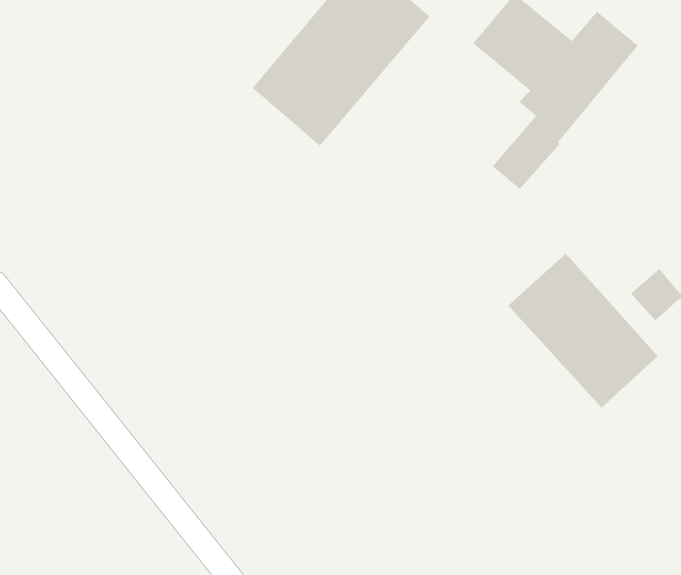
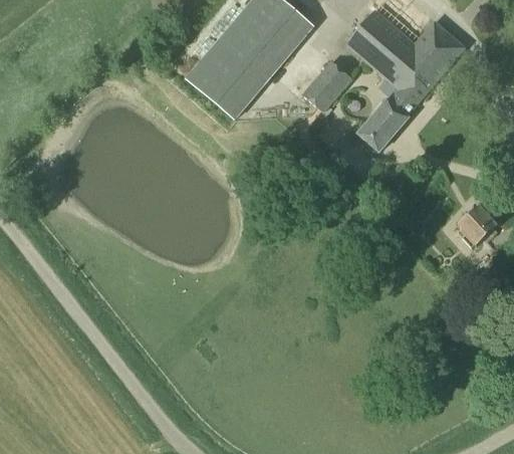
building: none -> [303,59,353,110]
building: [508,253,659,409] -> none

